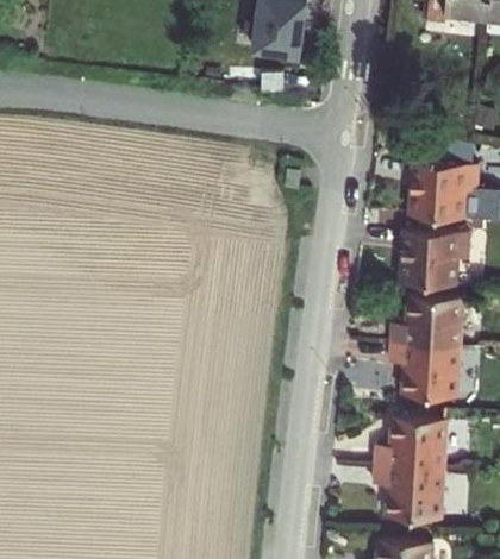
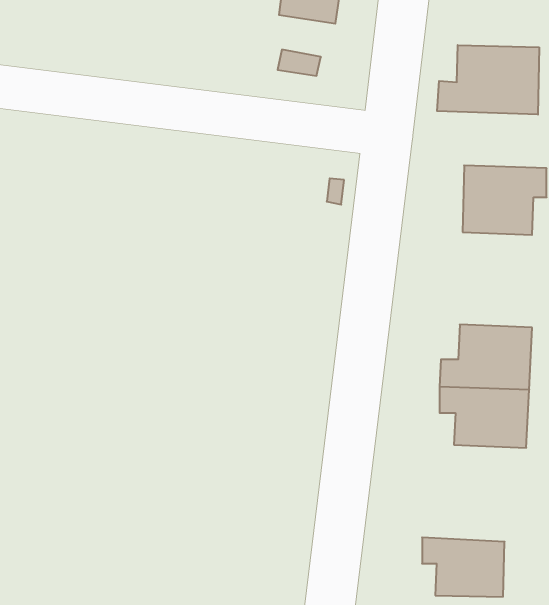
building: none -> [437,45,539,115]
building: [398,234,469,289] -> none
building: [374,422,444,475] -> none

